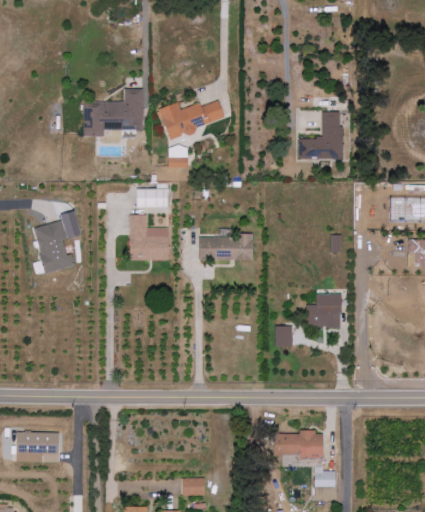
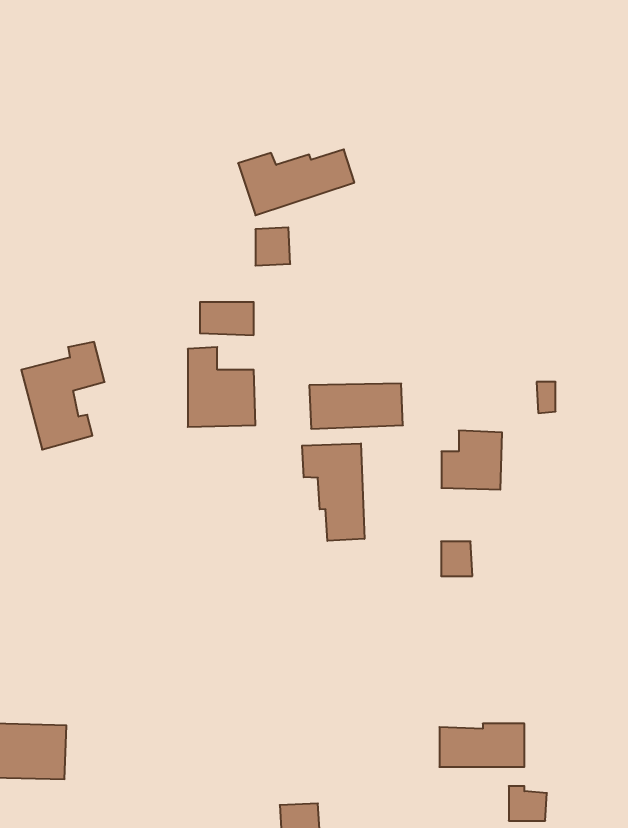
building: [82,88,142,136] -> none
building: [298,111,342,160] -> none
building: none -> [302,443,364,541]
building: [306,293,341,327] -> [441,431,502,490]

